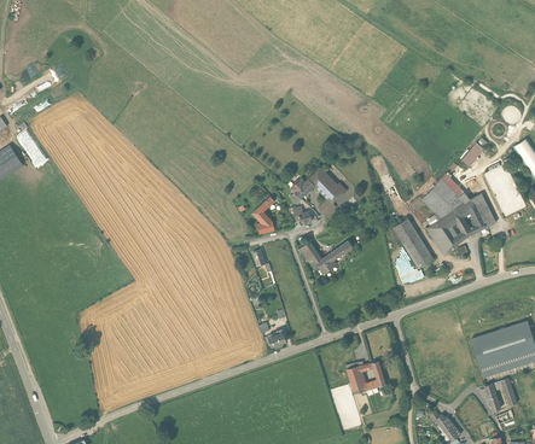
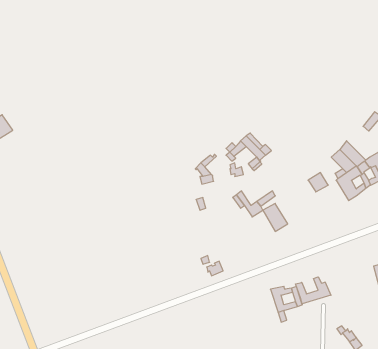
building: [402,233,434,268] -> [263,203,288,231]
building: none -> [296,277,331,304]

